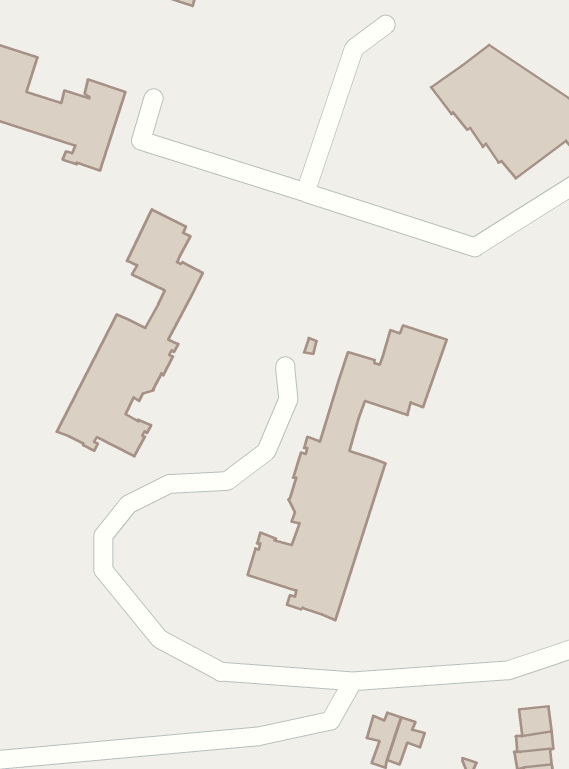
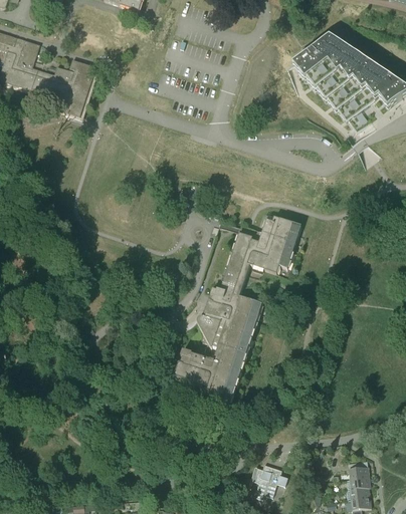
building: [57,209,203,456] -> none

